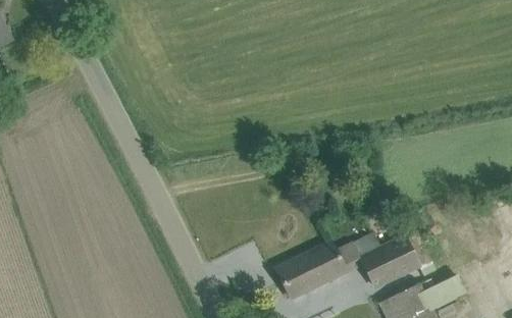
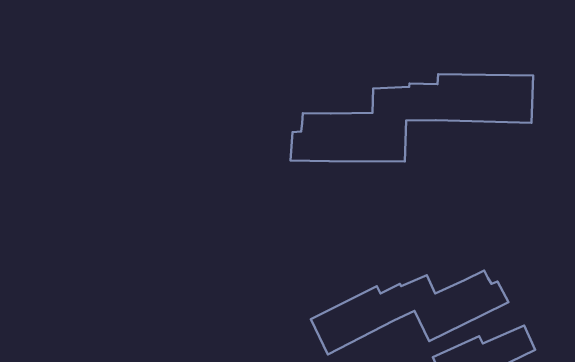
building: none -> [290,74,533,161]

